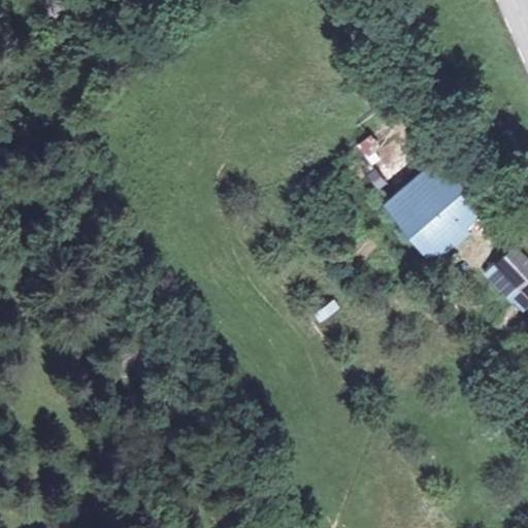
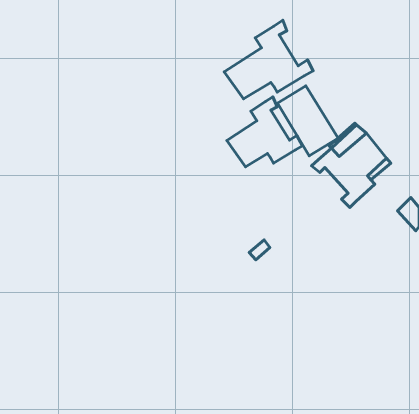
building: none -> [224,20,313,99]
building: none -> [227,97,303,167]

